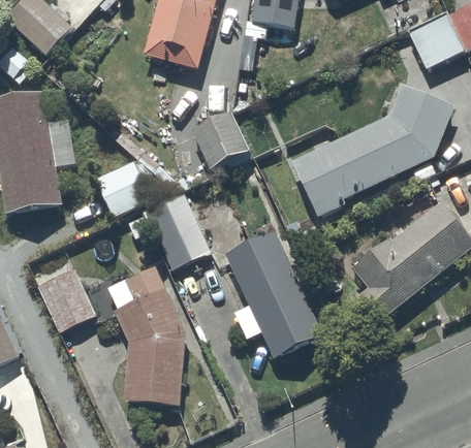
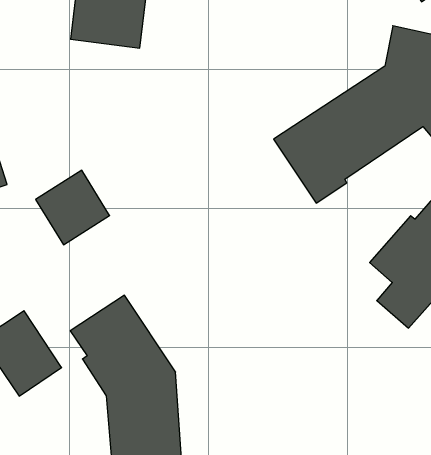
building: [190,110,249,169] -> none
building: [144,191,211,268] -> none
building: [225,230,323,357] -> none

